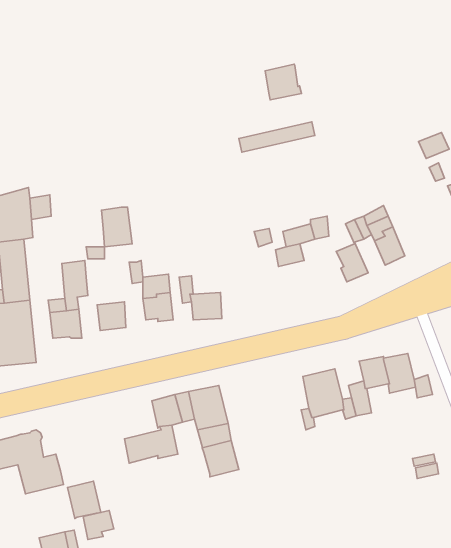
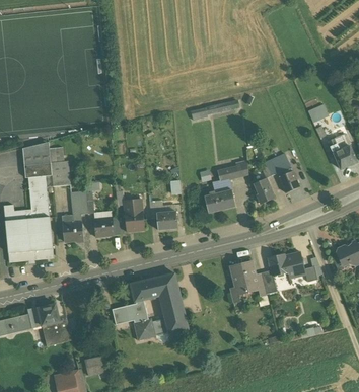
building: [265,64,301,100] -> none
building: [102,207,132,247] -> [51,160,71,186]
building: none -> [205,189,235,212]
building: none -> [134,317,169,339]
building: [67,481,101,519] -> none

